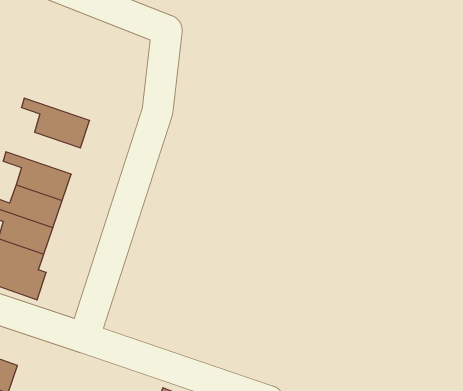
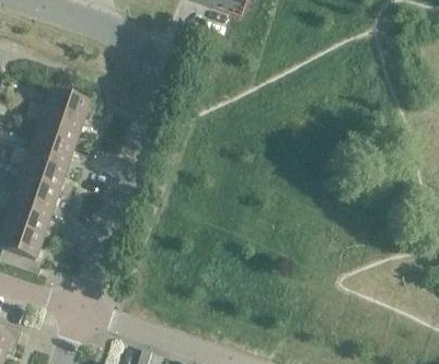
building: none -> [26,87,89,124]
building: none -> [11,133,73,168]

